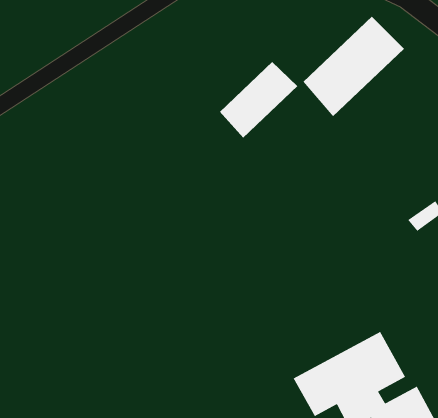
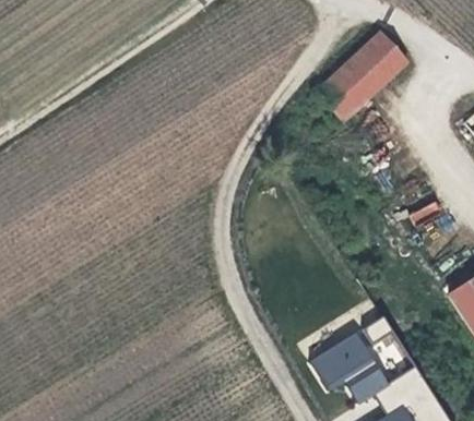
building: [219,61,298,138] -> none

